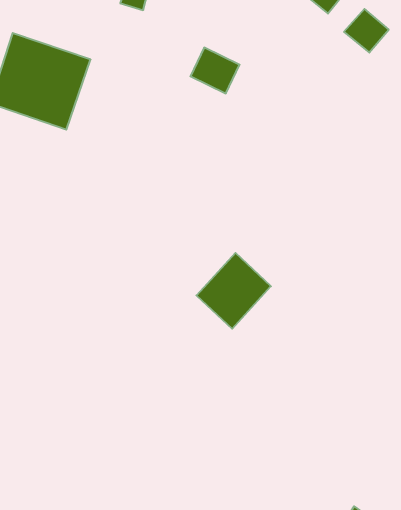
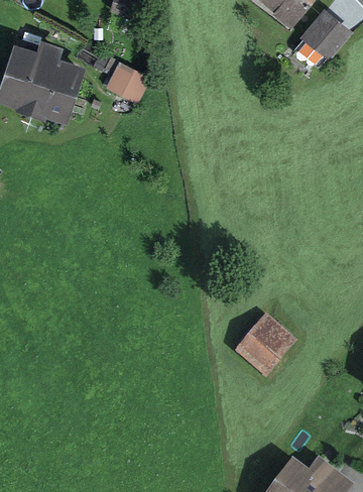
building: [190,48,240,93] -> [105,63,148,103]
building: [196,253,271,329] -> [237,311,302,377]

